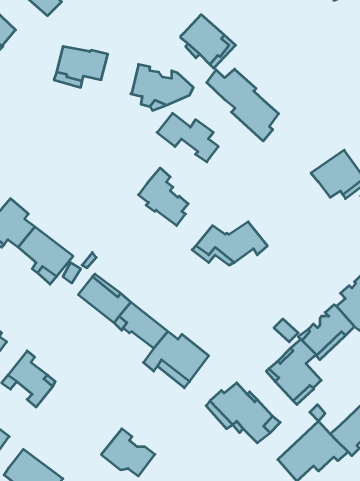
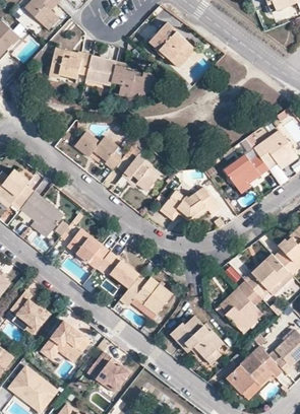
building: none -> [85,54,116,84]
building: [207,69,279,141] -> none
building: [157,113,218,162] -> [74,130,123,168]
building: none -> [224,154,268,192]
building: none -> [43,321,89,363]

